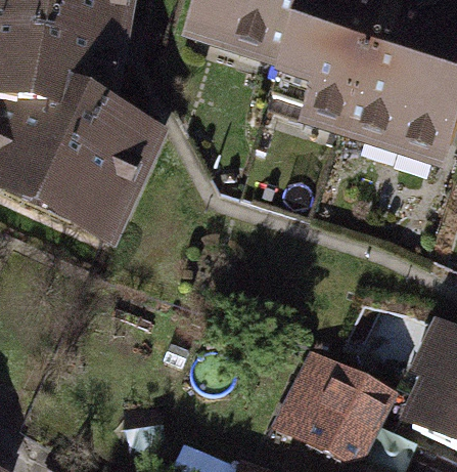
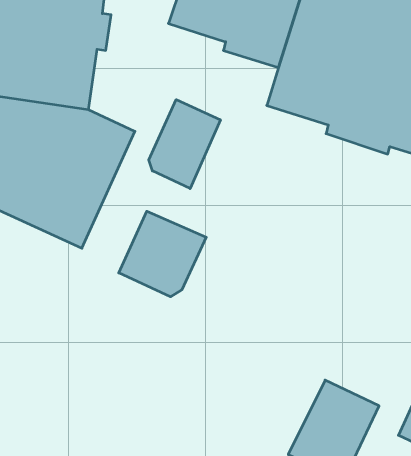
building: none -> [149,100,220,189]
building: none -> [119,211,206,297]

